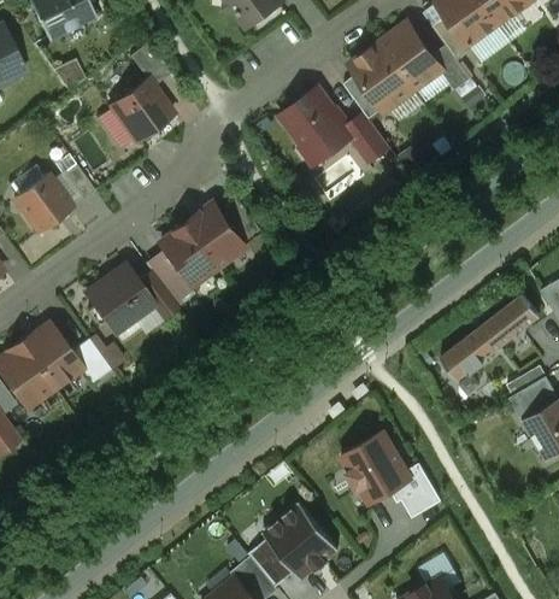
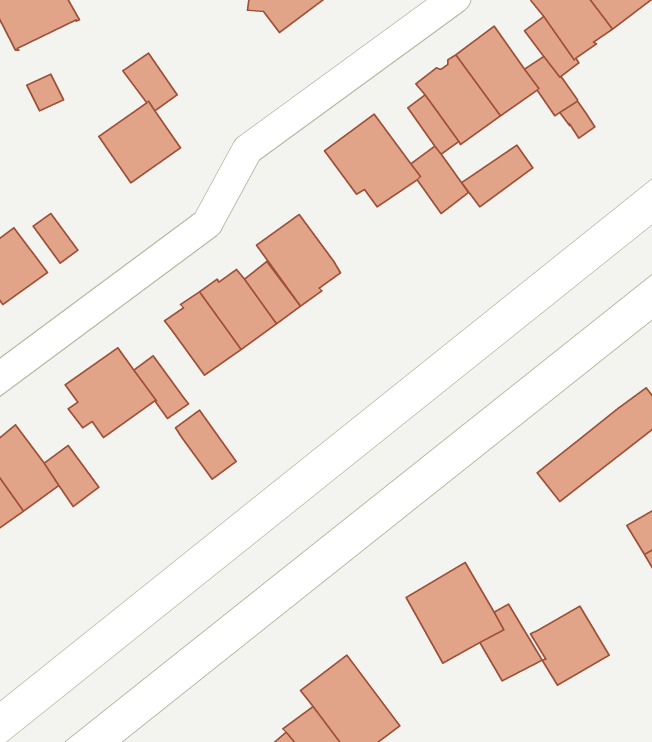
building: none -> [461,145,533,207]
building: none -> [256,214,341,306]
building: [146,251,192,303] -> [175,410,236,479]
building: none -> [530,606,609,685]

